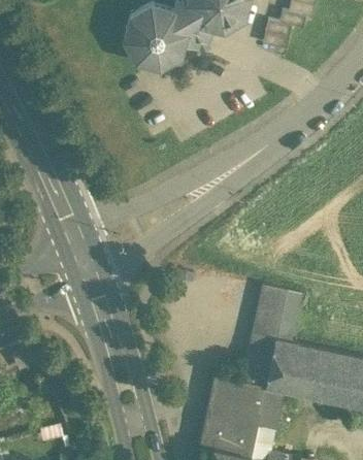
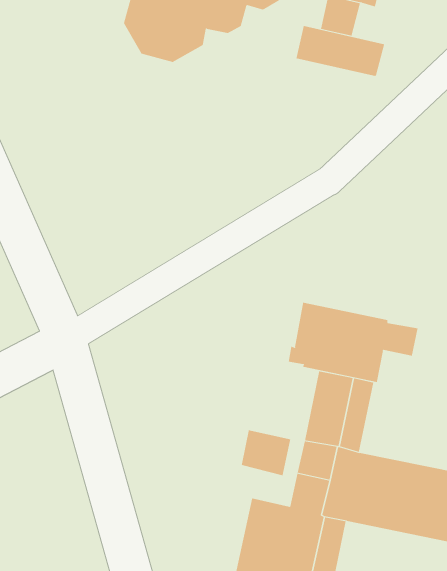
building: none -> [296,25,385,77]
building: none -> [288,302,418,383]
building: none -> [241,430,291,476]

